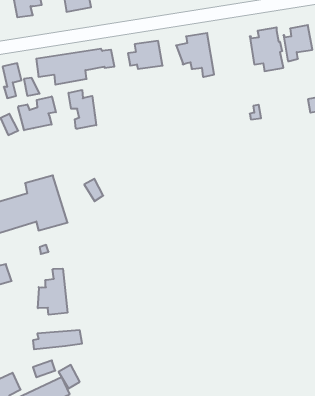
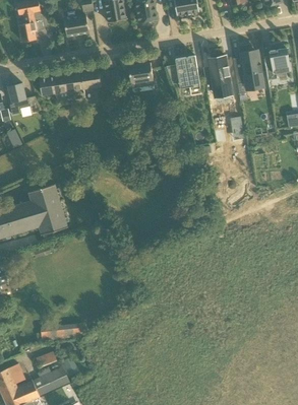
building: none -> [203,56,233,98]
building: [69,90,96,129] -> none
building: [18,96,56,130] -> none
building: [38,269,67,315] -> none

